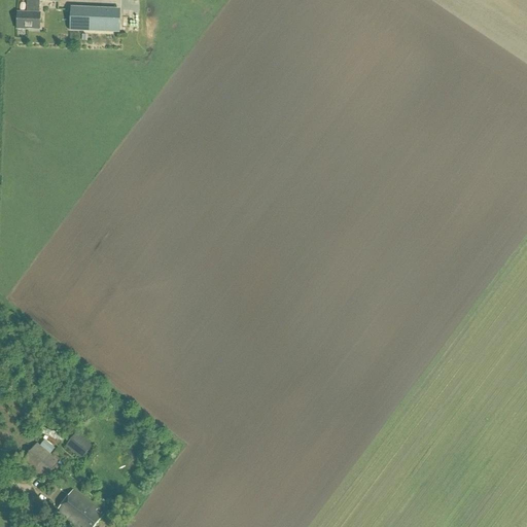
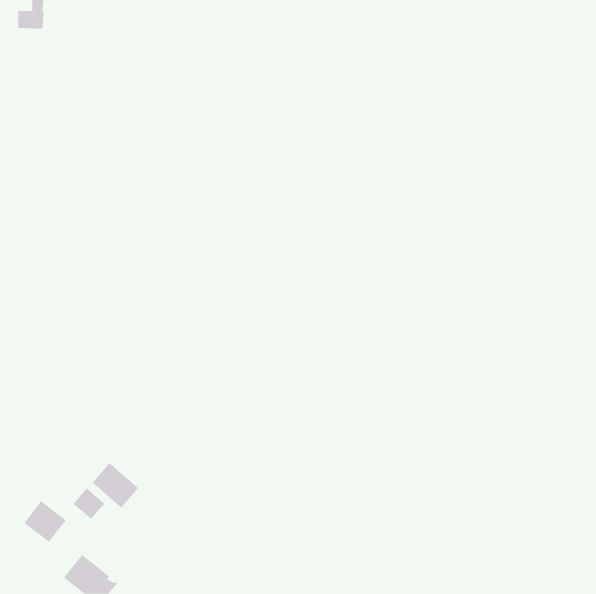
building: [69,4,119,31] -> none
building: none -> [92,462,139,508]

